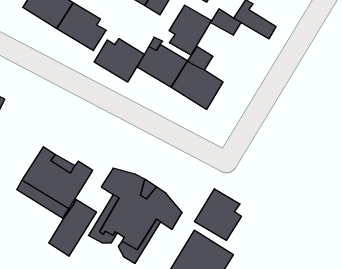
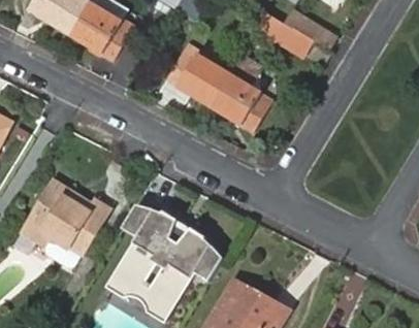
building: [169,5,212,55] -> none
building: [94,39,144,82] -> none
building: [194,189,241,240] -> none
building: [49,200,96,256] -> none

